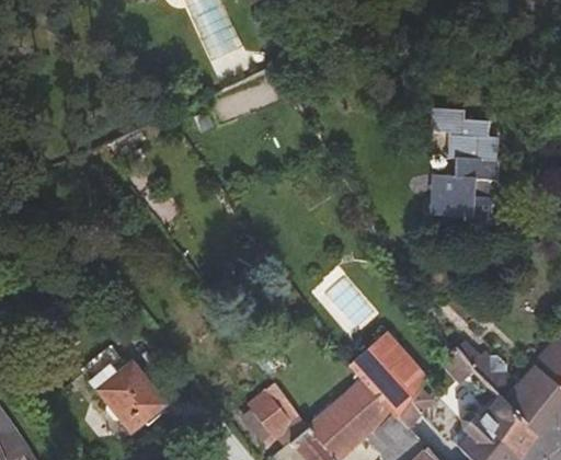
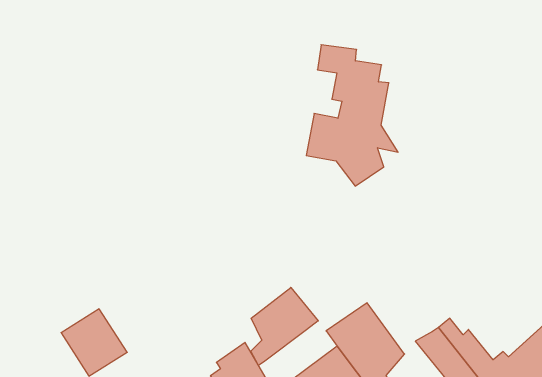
building: [428,107,515,238] -> [306,45,398,186]
building: none -> [251,287,318,365]

